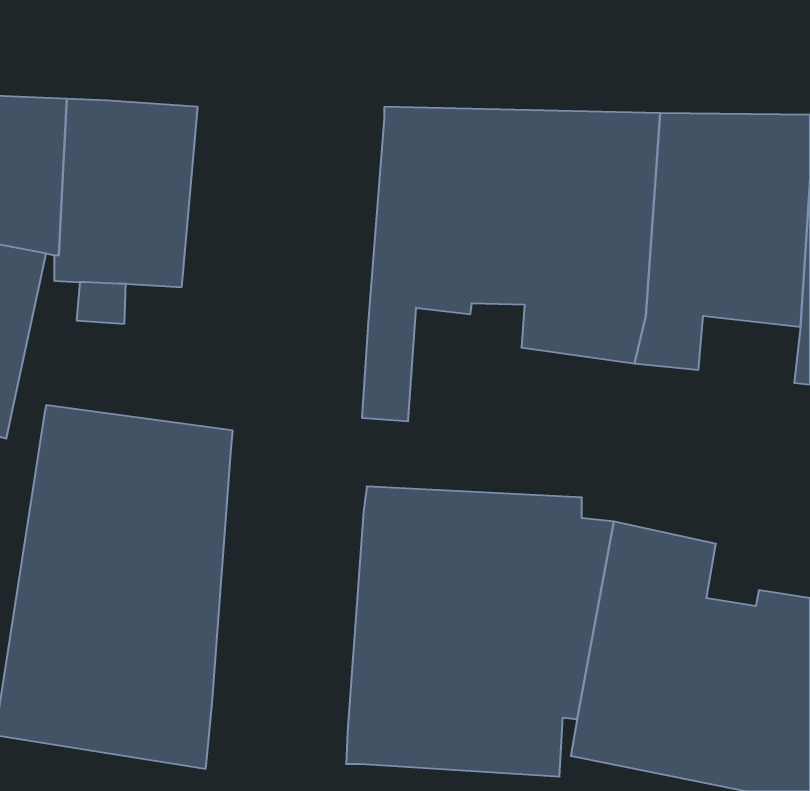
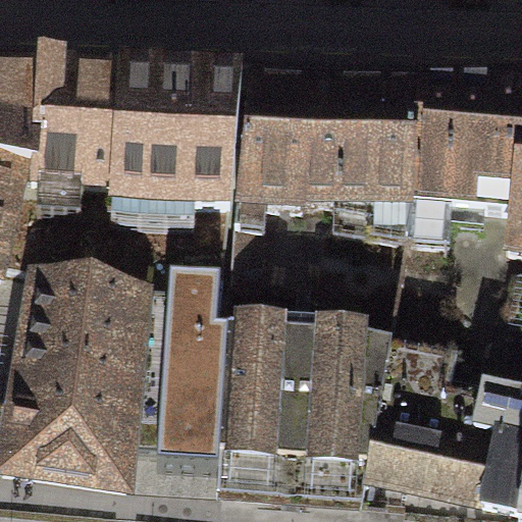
building: none -> [115,68,246,206]
building: none -> [136,272,232,468]

